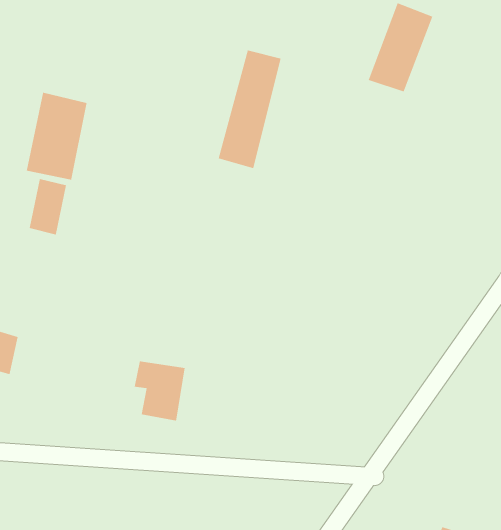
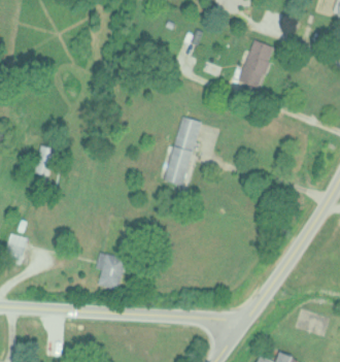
building: [218,50,281,169] -> [163,117,201,188]
building: [26,92,87,181] -> none

